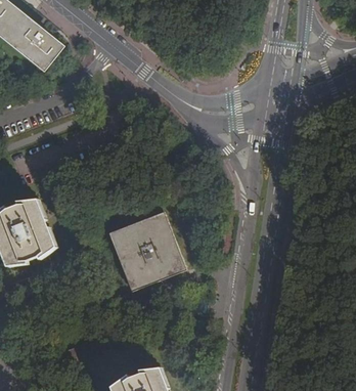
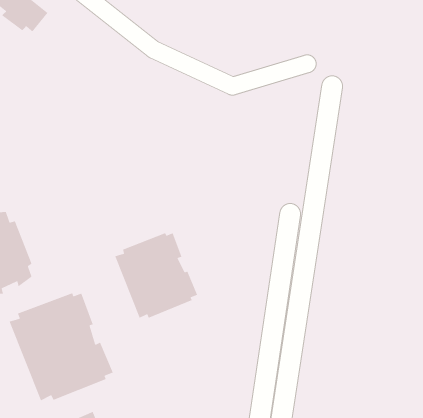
building: none -> [9,292,114,402]

